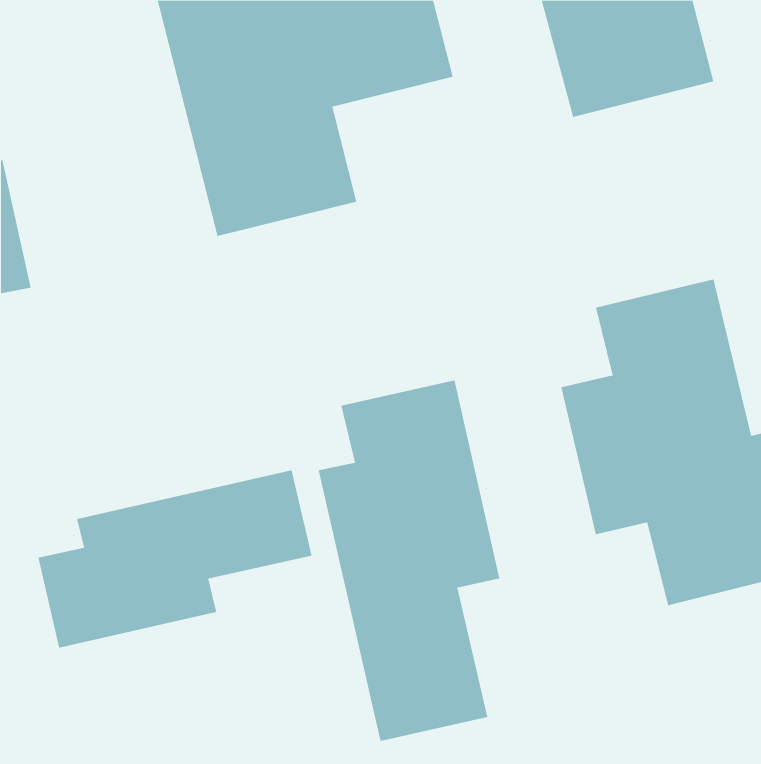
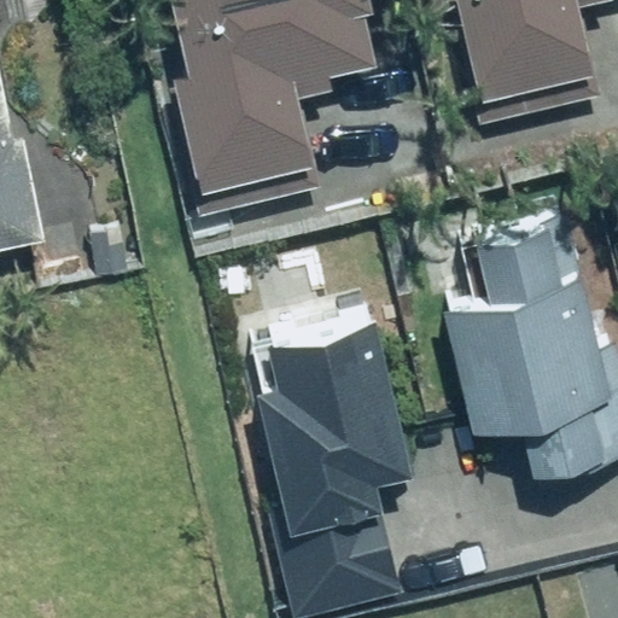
building: [38,470,312,648] -> none

